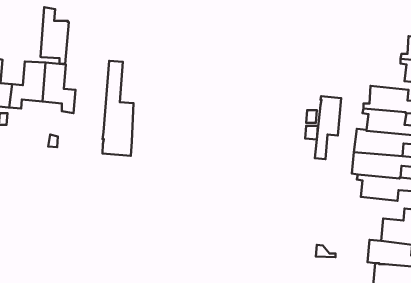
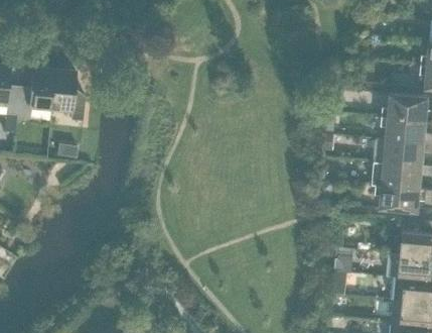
building: [40,7,69,64] -> none
building: [102,61,133,156] -> none
building: [315,96,341,159] -> none

